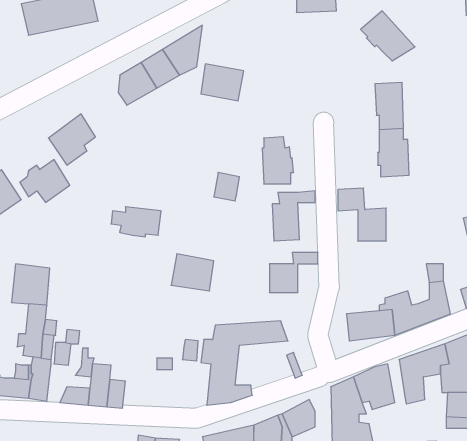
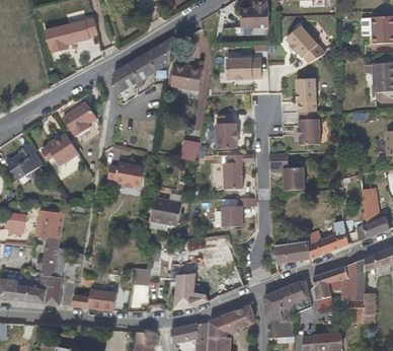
building: none -> [227,59,261,80]

